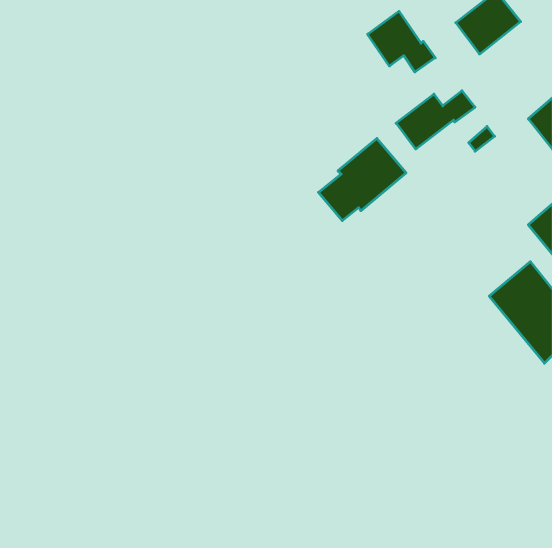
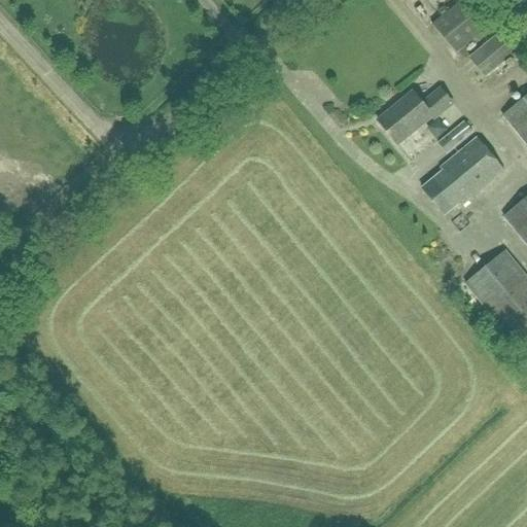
building: [368,11,435,72] -> none
building: none -> [470,29,518,75]
building: [318,138,406,221] -> [420,135,503,213]

